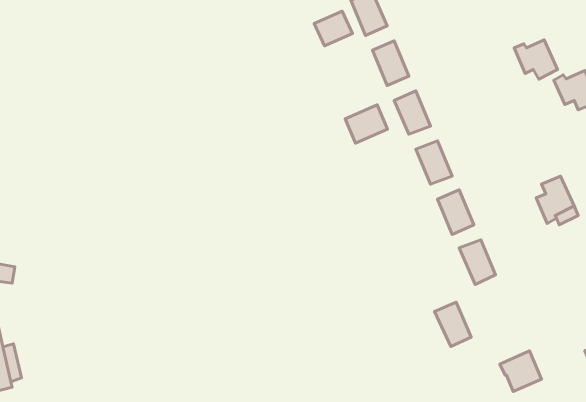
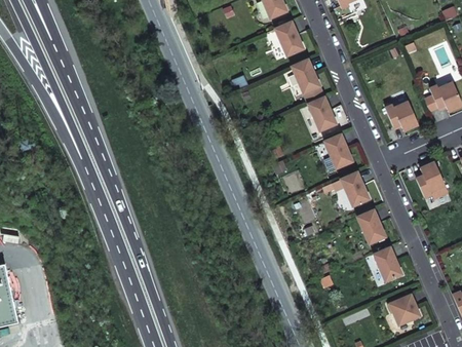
building: [314,11,353,46] -> none
building: [514,40,558,79] -> [385,102,418,131]
building: [345,105,387,143] -> none
building: [435,302,471,347] -> [374,247,401,281]

